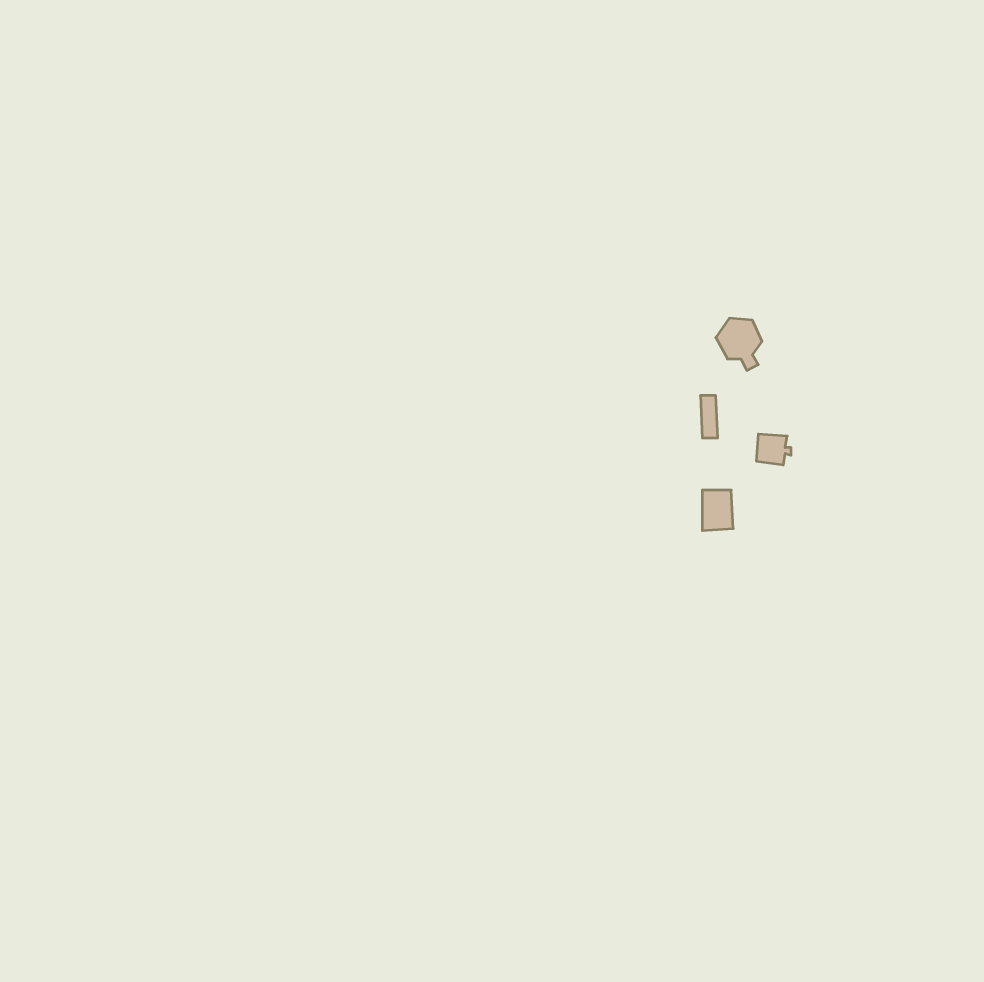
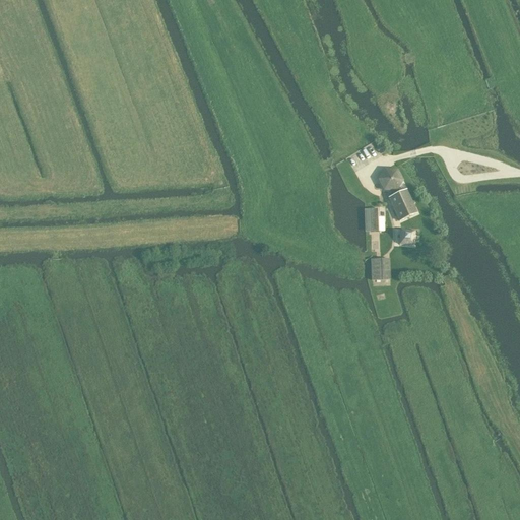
building: none -> [387,189,415,220]

